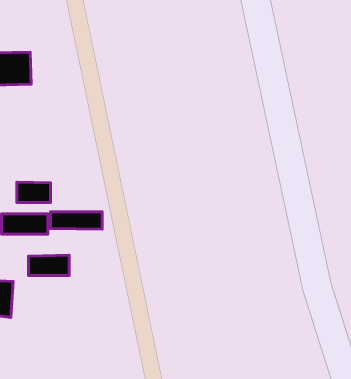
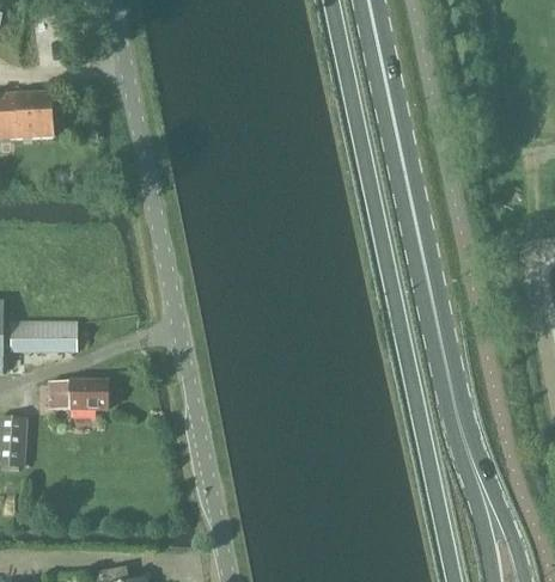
building: [17,182,51,202] -> none
building: [51,212,102,229] -> none

